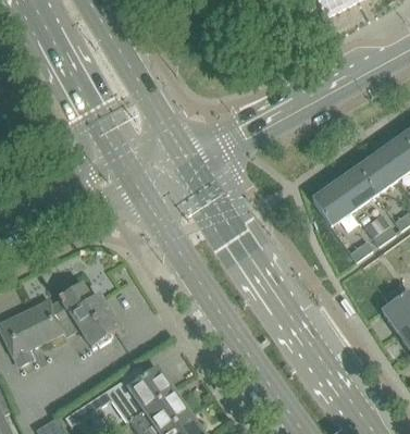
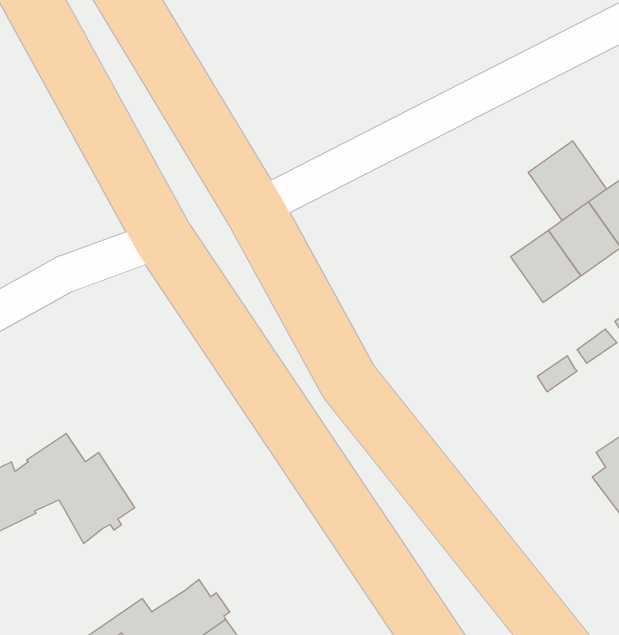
building: none -> [528,141,607,221]
building: [312,183,353,225] -> none

